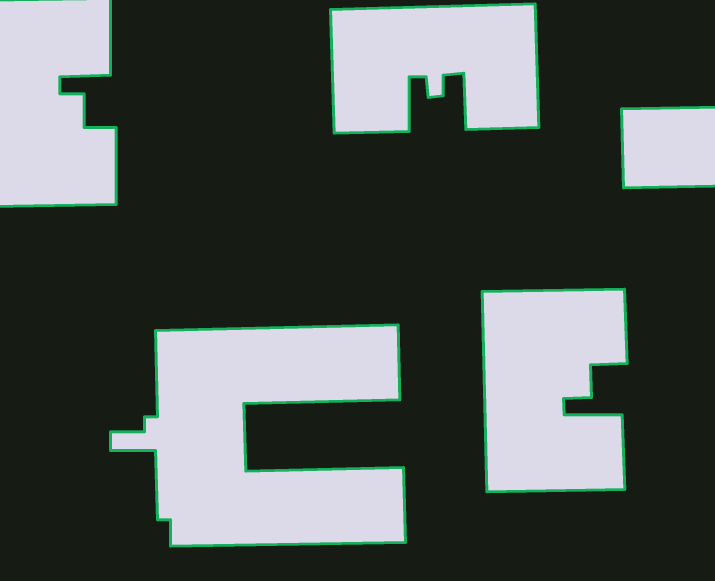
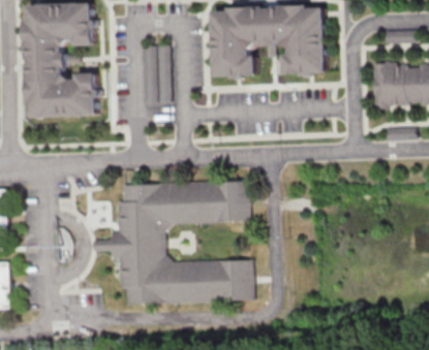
building: none -> [141,45,166,103]
building: [482,289,627,492] -> none

